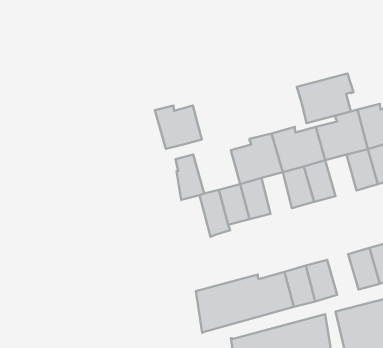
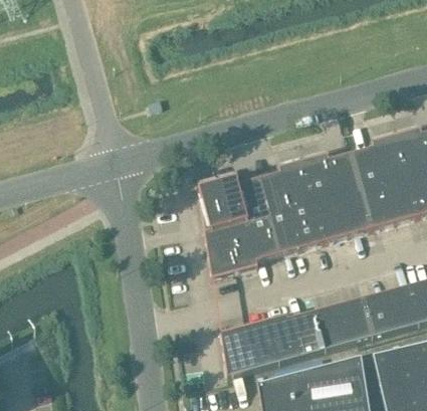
building: [297,74,353,123] -> none
building: [155,105,202,149] -> [219,177,270,224]
building: none -> [363,182,397,227]
building: none -> [293,201,327,246]
building: none -> [206,226,238,277]
building: none -> [365,290,399,335]

